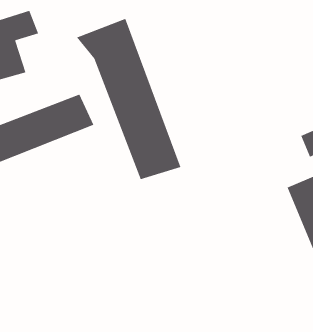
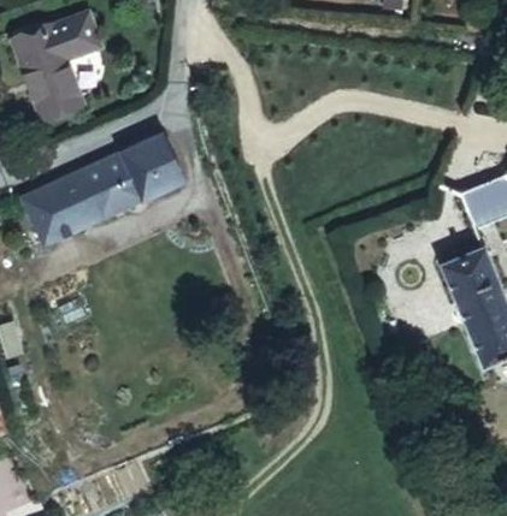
building: [76,18,181,180] -> none

